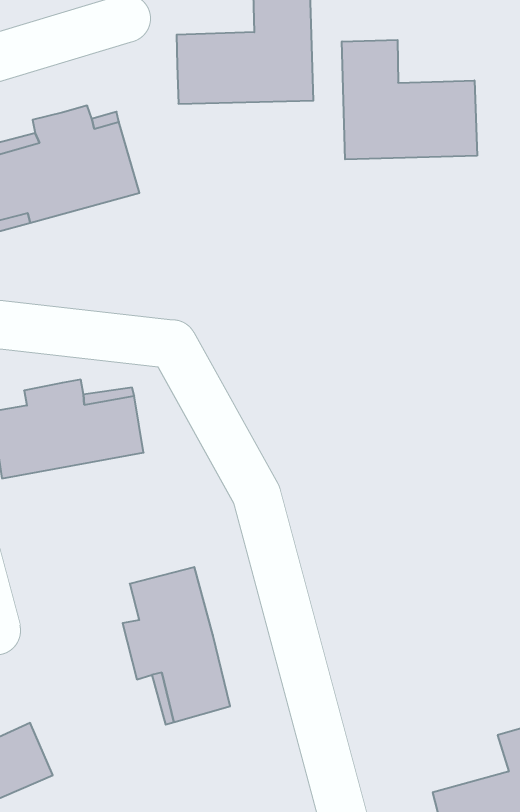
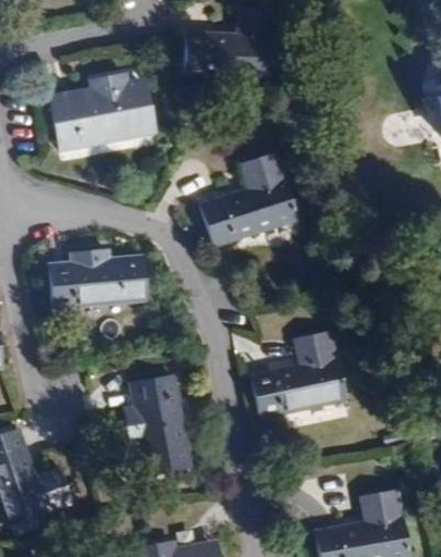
building: [342,40,477,159] -> none
building: none -> [200,153,297,247]
building: none -> [252,332,346,418]

